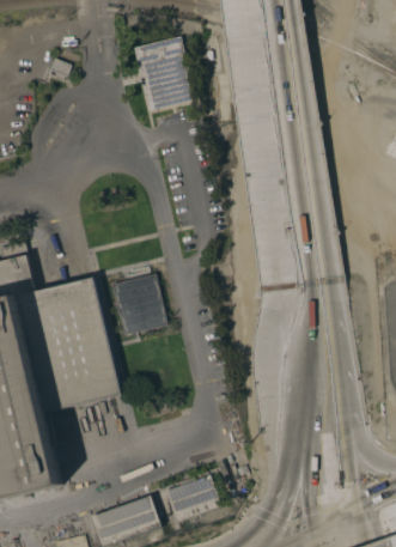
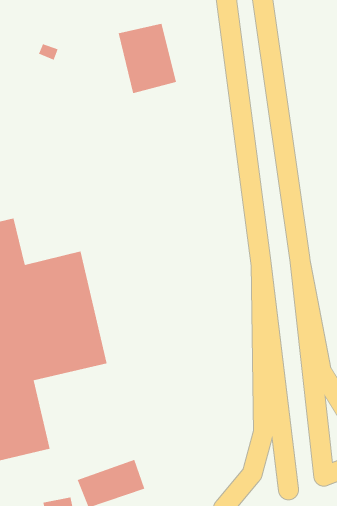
building: [109,274,164,336] -> none
building: [162,475,218,523] -> none

